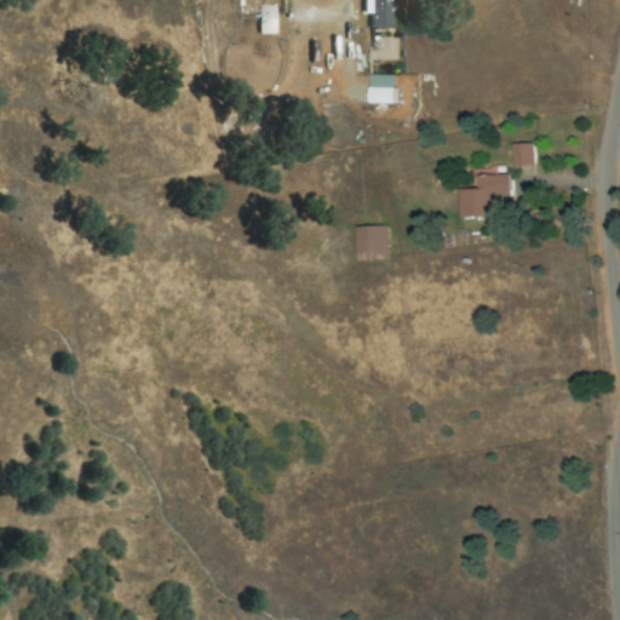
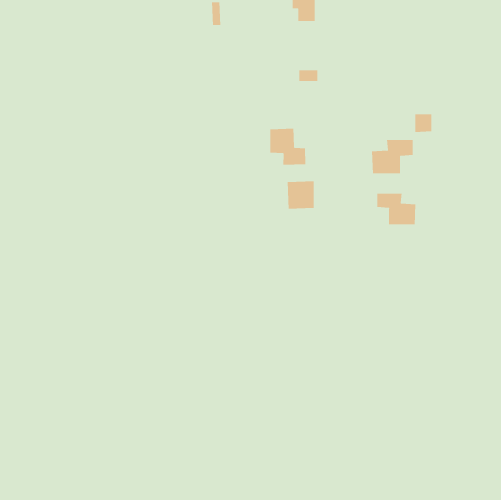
building: none -> [270,128,306,166]
building: none -> [377,193,416,225]

